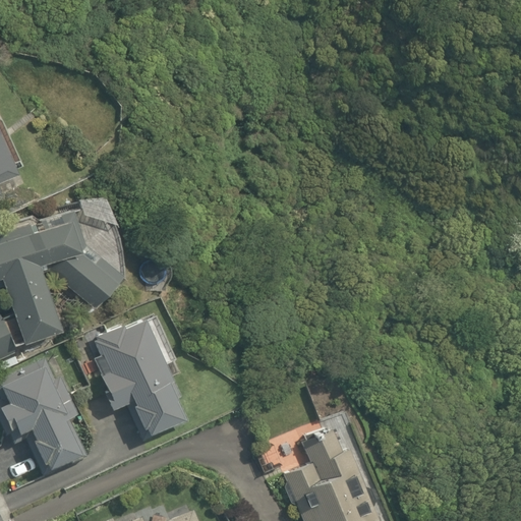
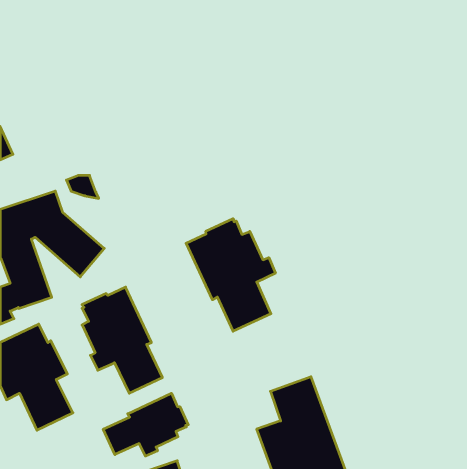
building: none -> [186,219,275,331]
building: none -> [103,393,188,456]

